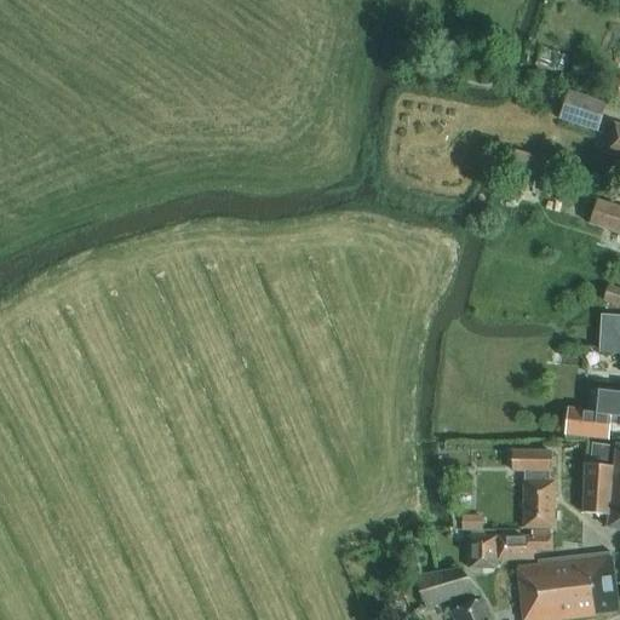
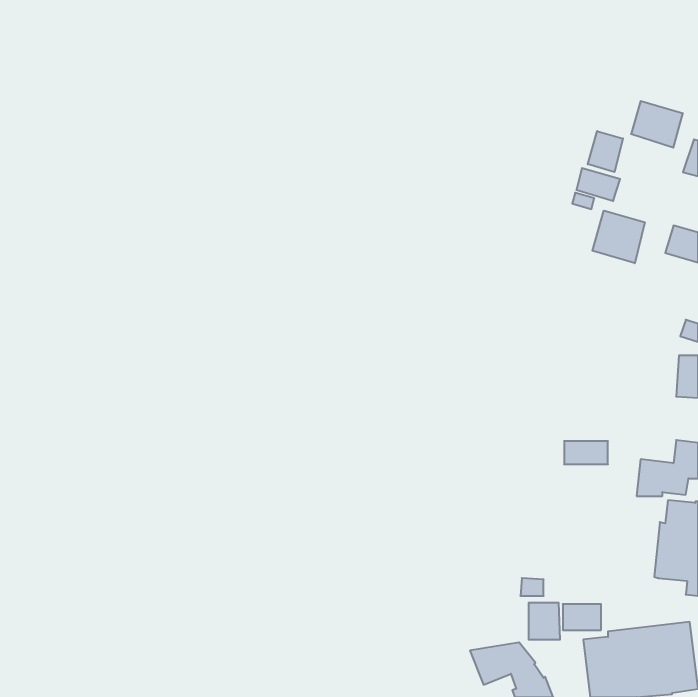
building: none -> [588,131,623,172]
building: none -> [592,211,645,263]
building: [511,449,550,470] -> [564,441,608,464]
building: [523,481,556,528] -> none

